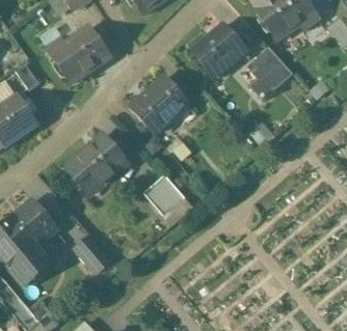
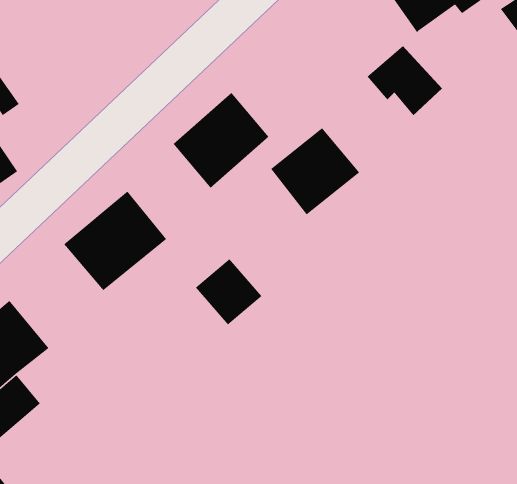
building: [191,24,245,77] -> [270,127,360,216]
building: [47,27,109,82] -> none
building: [75,236,110,272] -> none

